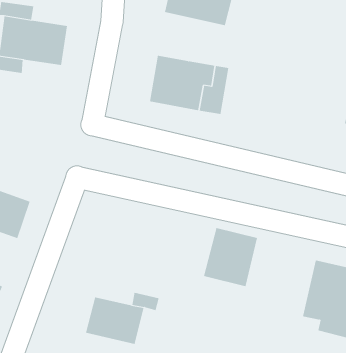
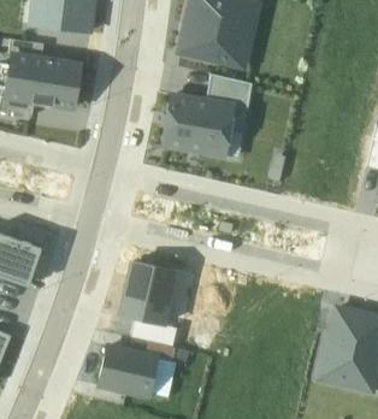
building: none -> [205,75,253,108]
building: [203,227,258,287] -> [119,261,176,323]

